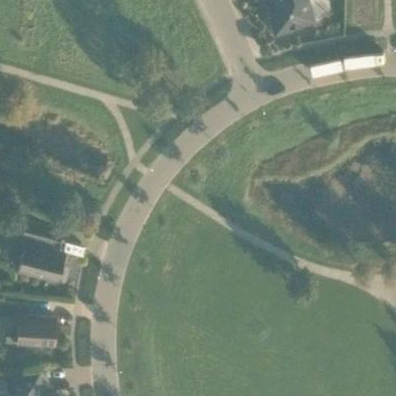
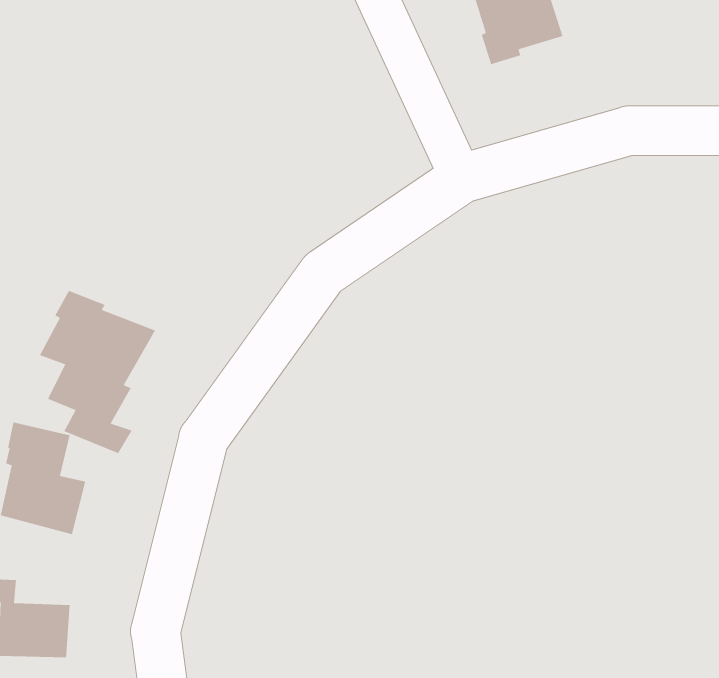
building: none -> [39,290,156,454]

